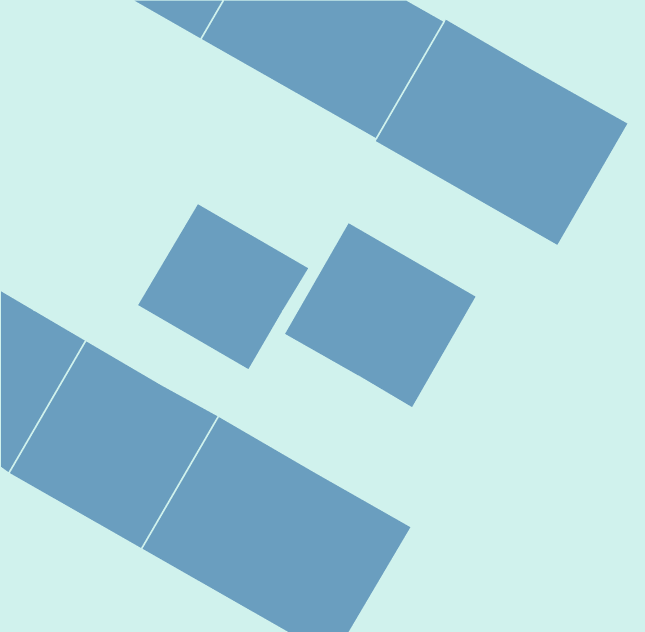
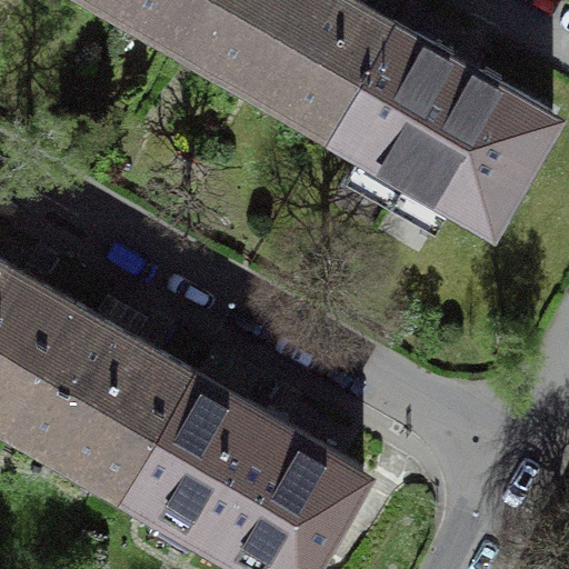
building: [137,203,309,370] -> none
building: [284,222,476,408] -> none

